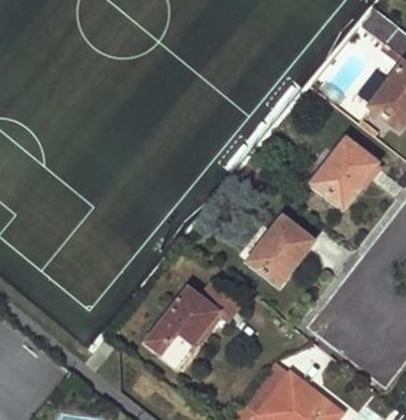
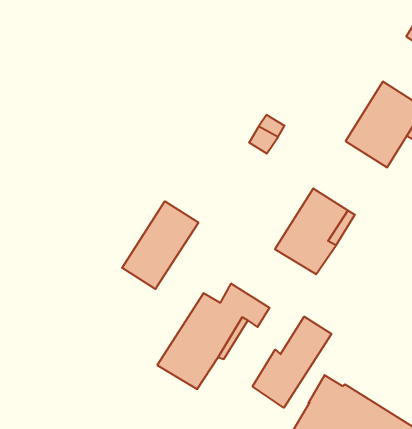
building: none -> [122,201,198,289]
building: none -> [253,317,331,408]

